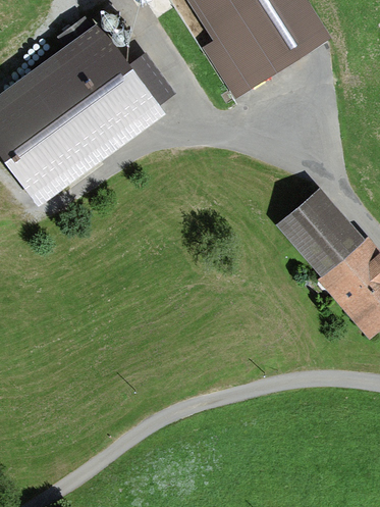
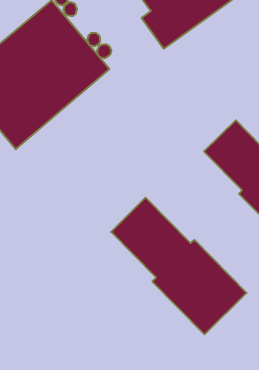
building: none -> [111,198,247,334]

